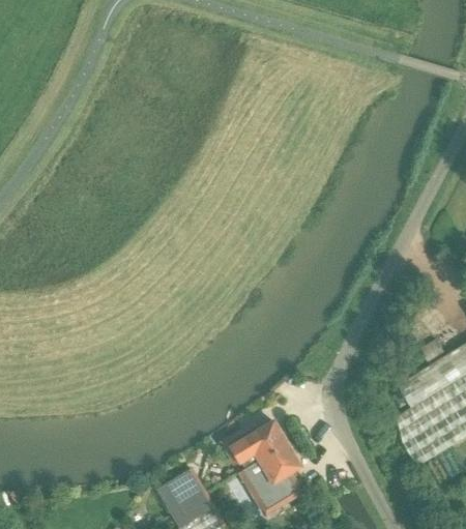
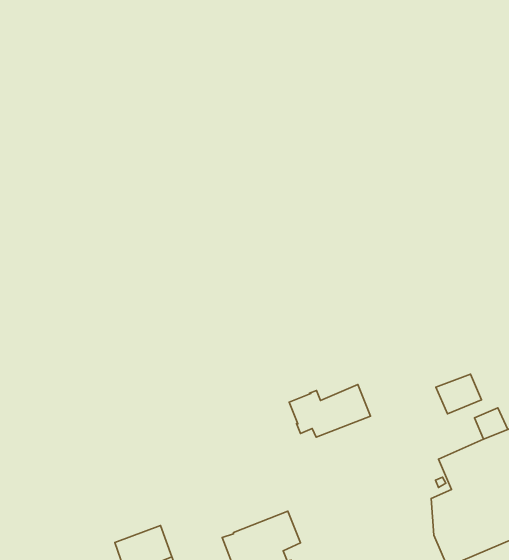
building: none -> [436,374,482,414]
building: [224,420,288,466] -> [289,385,370,437]

